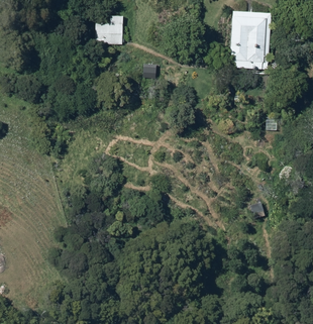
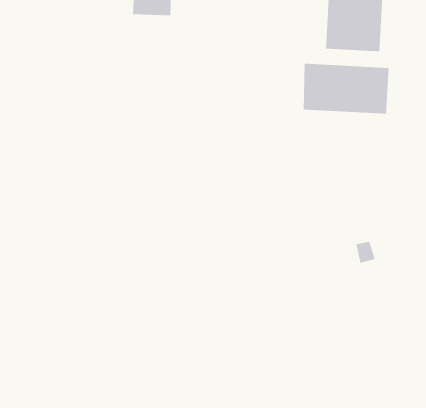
building: none -> [303,63,389,115]

